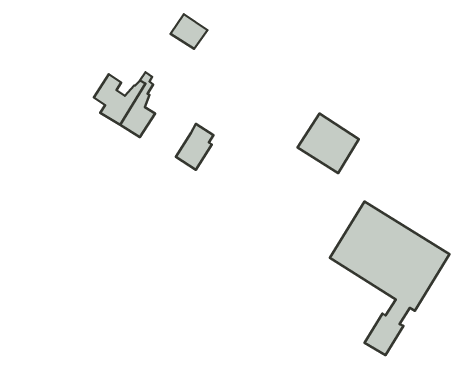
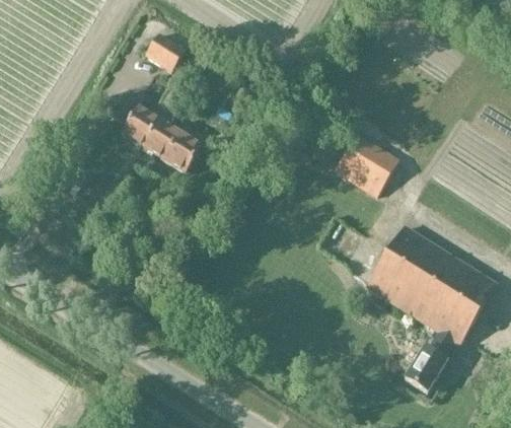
building: [171,14,207,49] -> [145,34,185,72]
building: [176,124,214,170] -> [162,123,203,172]

